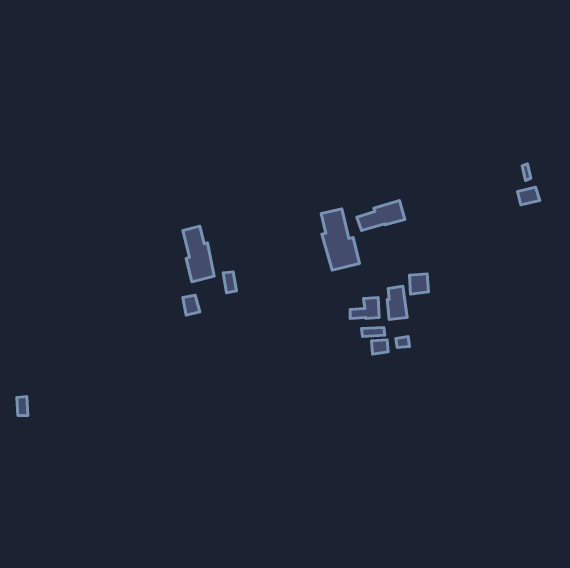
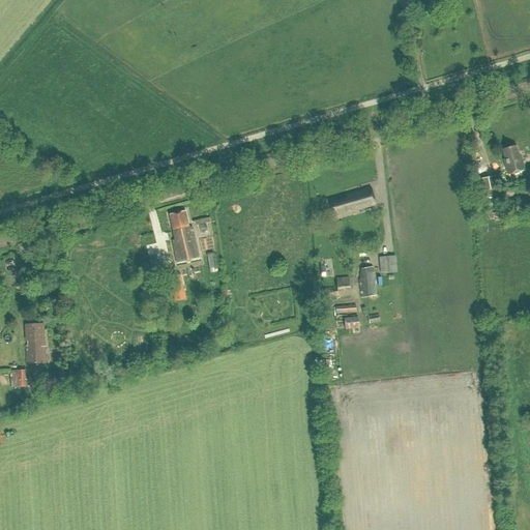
building: none -> [502,144,525,174]
building: [321,209,360,270] -> none
building: none -> [26,323,46,363]

